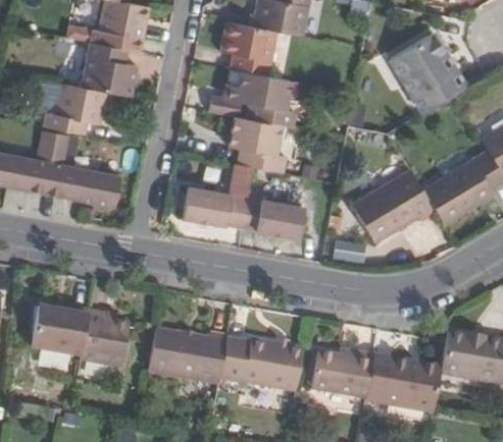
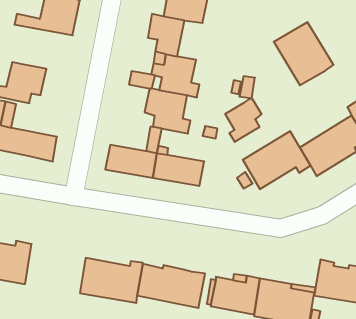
building: [80,42,137,98] -> none
building: none -> [225,98,262,142]
building: [80,311,129,368] -> none

